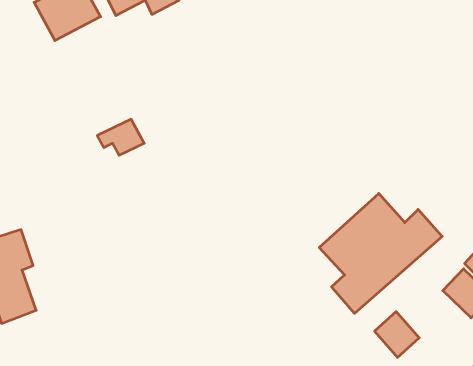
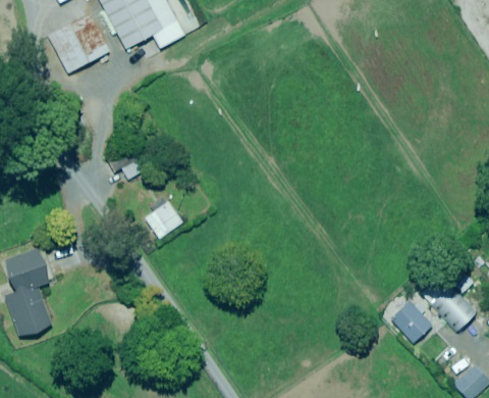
building: none -> [146,202,182,238]
building: [319,193,442,313] -> none
building: [375,312,419,357] -> [391,300,433,343]

